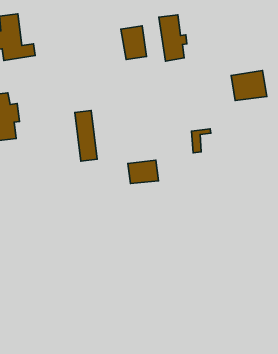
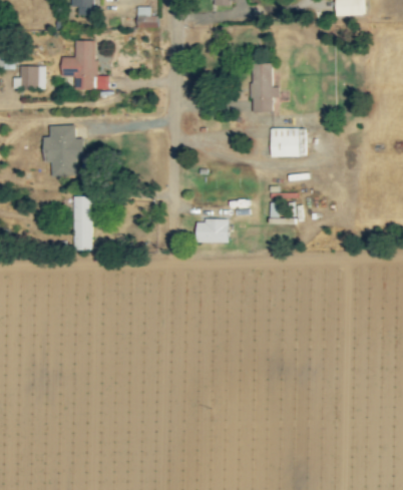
building: [121,26,147,60] -> none
building: [231,71,267,100] -> [270,127,306,156]
building: [75,111,97,161] -> [73,196,91,251]

